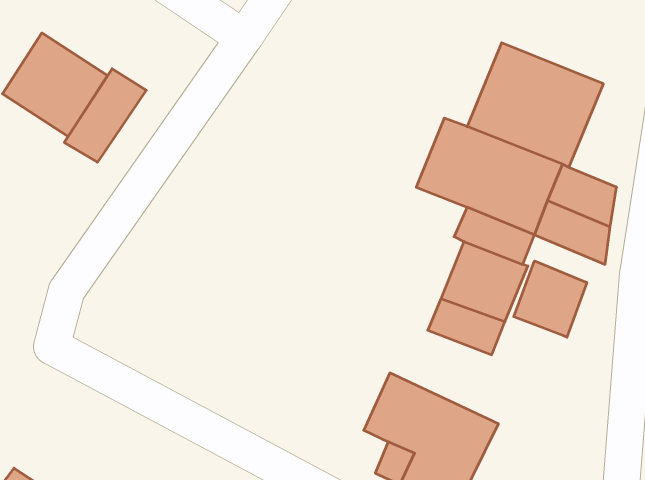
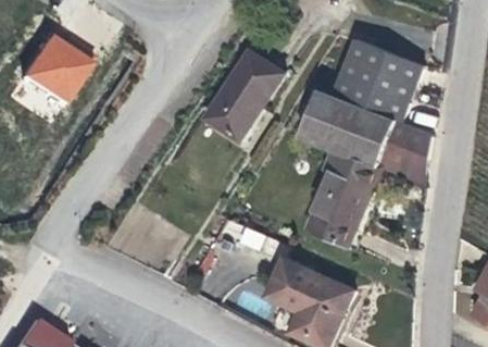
building: none -> [204,51,283,139]
building: [64,69,146,162] -> none
building: [514,261,587,337] -> none

